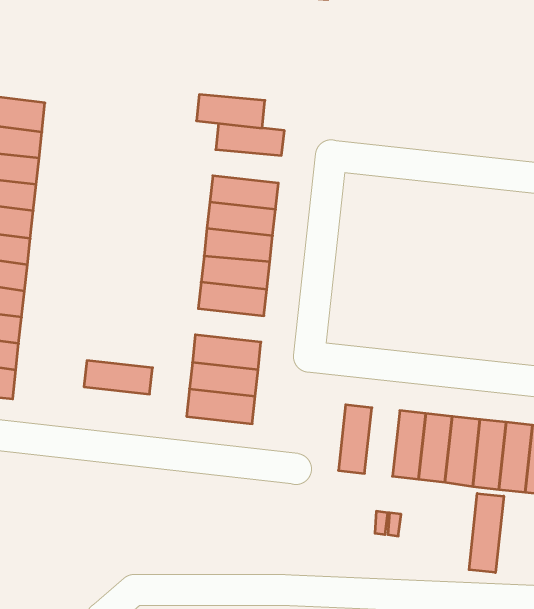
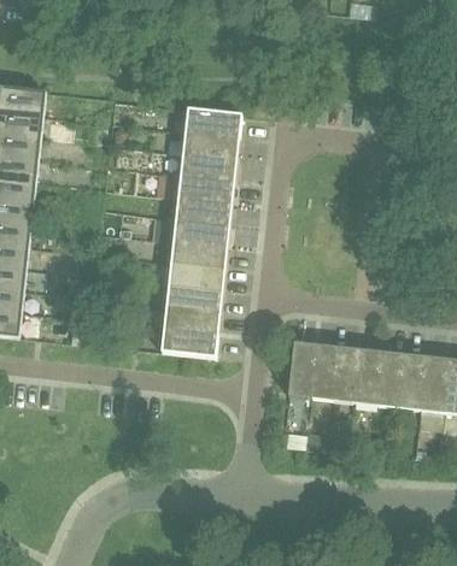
building: [196,95,265,128] -> [182,129,239,157]
building: [84,361,153,394] -> [168,260,224,288]
building: none -> [307,342,336,399]
building: [469,493,504,573] -> none

